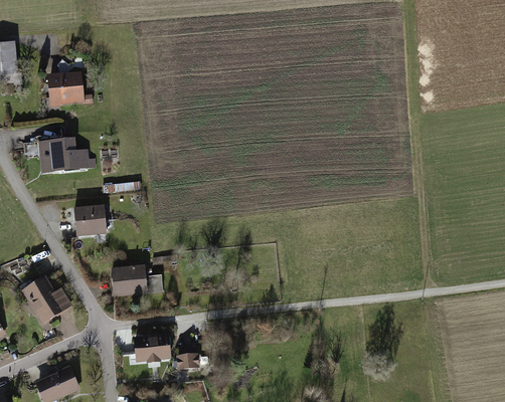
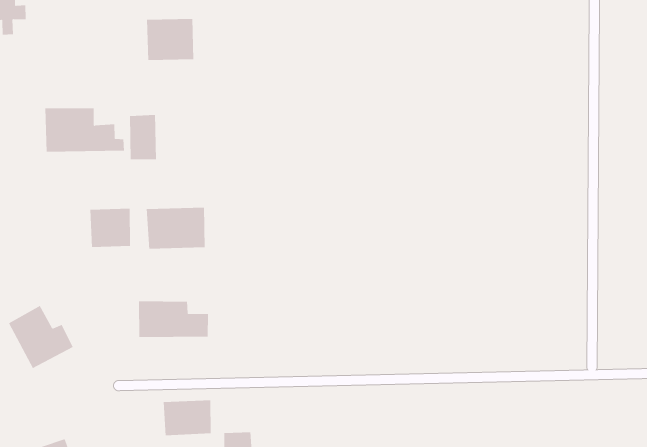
building: [47,72,82,104] -> [146,19,194,60]
building: none -> [130,114,156,160]
building: none -> [146,207,205,249]

